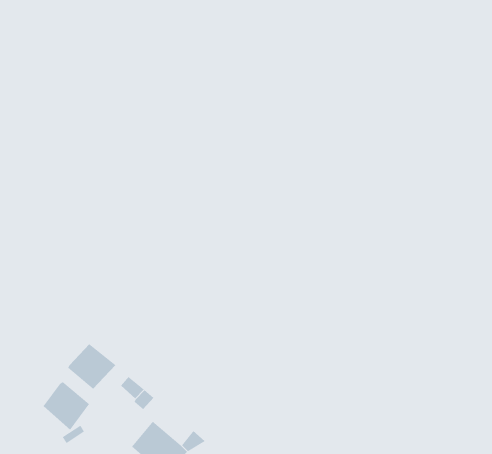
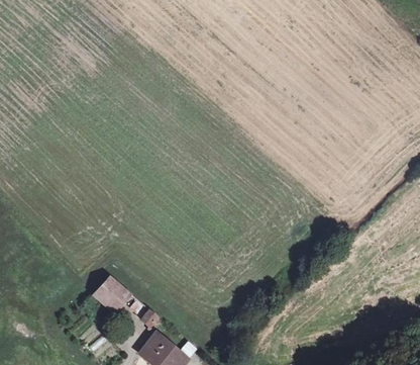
building: [43,381,90,431] -> none

